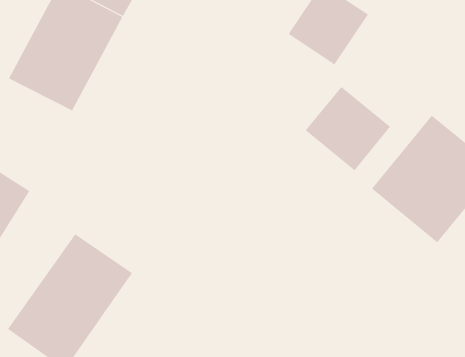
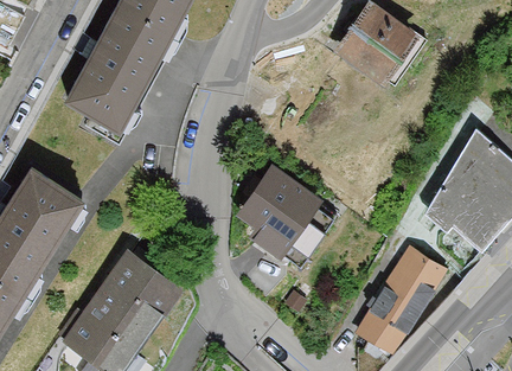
building: [305,86,391,171] -> none
building: none -> [237,166,321,250]
building: none -> [360,256,460,360]

